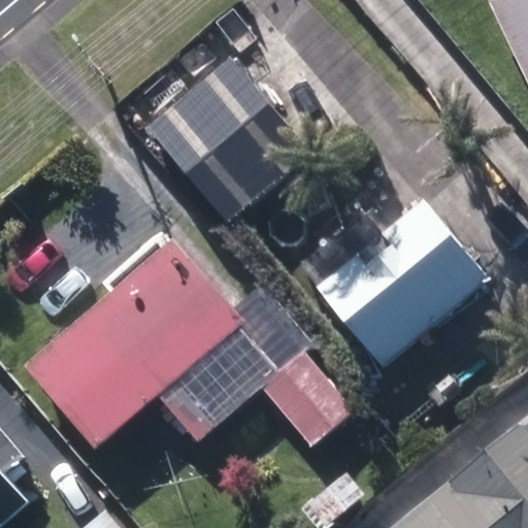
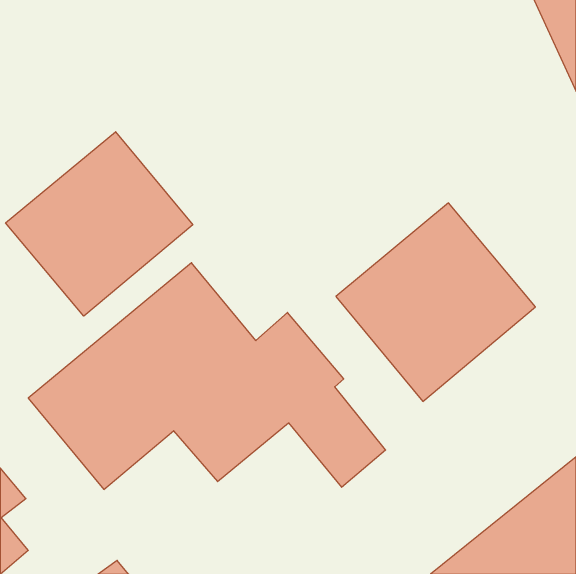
building: [143,70,297,227] -> none
building: none -> [6,132,193,316]

